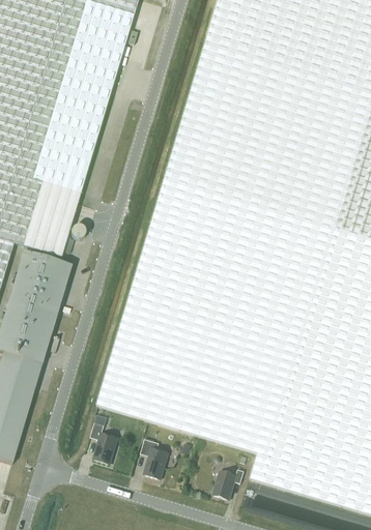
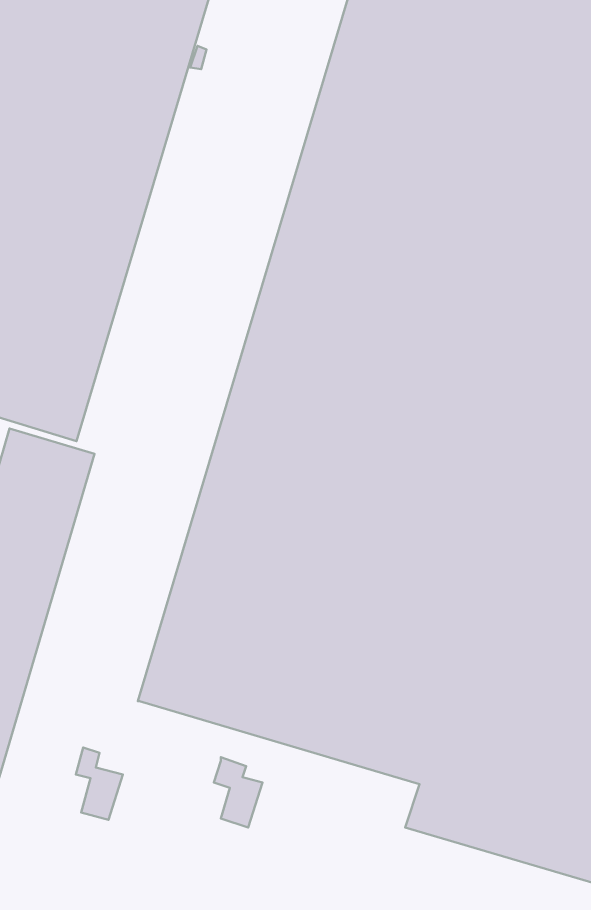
building: [90,421,117,463] -> [76,747,123,820]
building: [212,469,244,499] -> none

